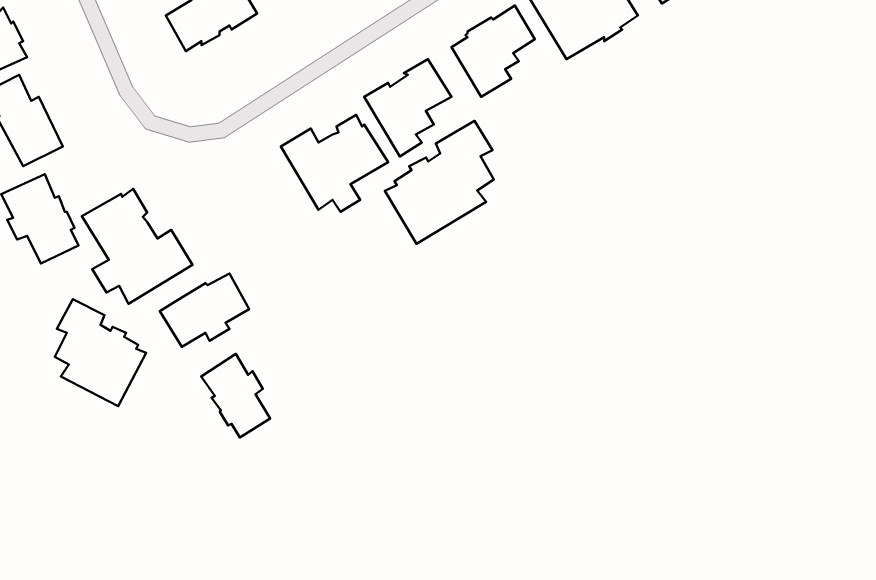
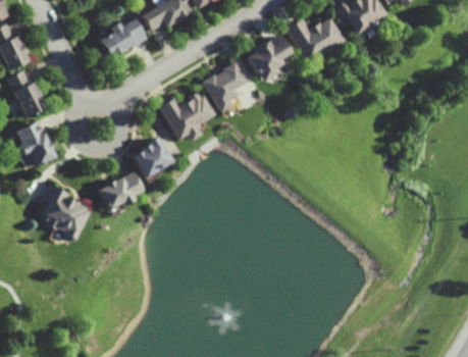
building: [385,121,494,244] -> none
building: [82,189,192,304] -> none
building: none -> [132,137,171,177]
building: [201,354,270,438] -> none

